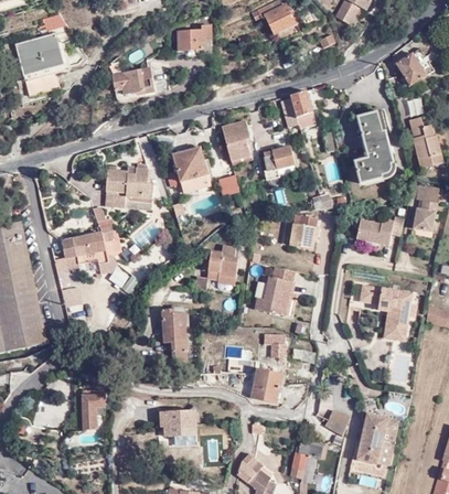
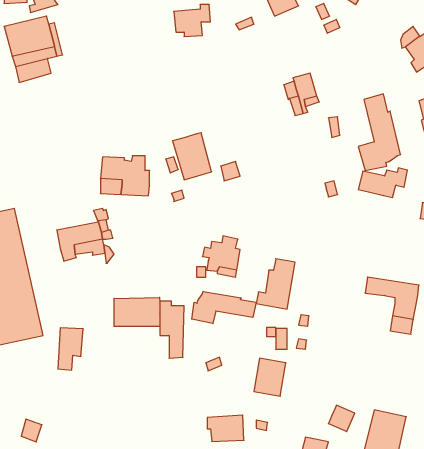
building: [107,66,150,96] -> none
building: [222,119,252,161] -> none
building: [264,146,295,179] -> none
building: [288,217,319,249] -> none
building: [354,217,402,246] -> [358,168,407,198]
building: none -> [192,291,256,324]
building: none -> [114,297,160,326]
building: [83,390,107,431] -> [58,328,83,370]
building: [161,408,196,433] -> [207,415,244,441]

